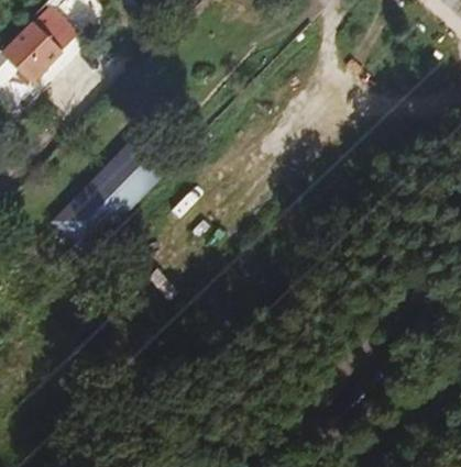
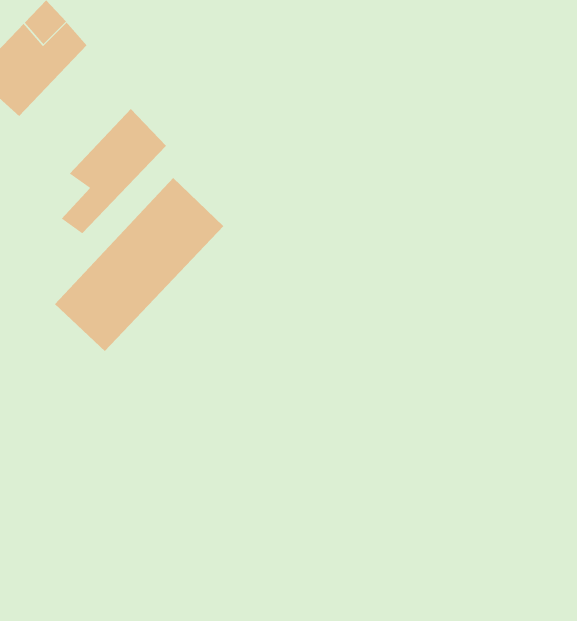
building: none -> [61,108,167,234]

